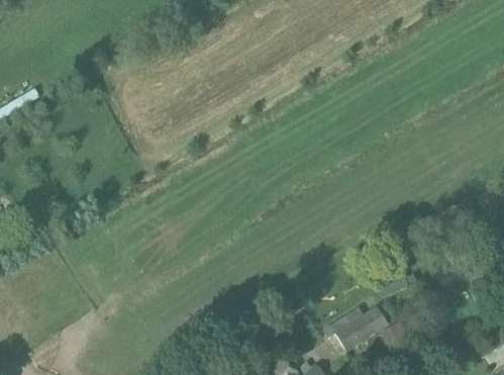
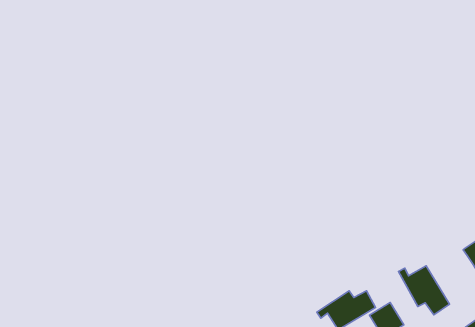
building: none -> [398,266,449,315]

